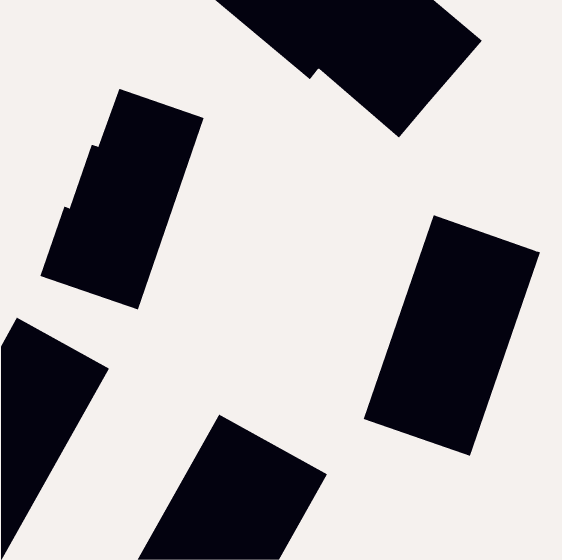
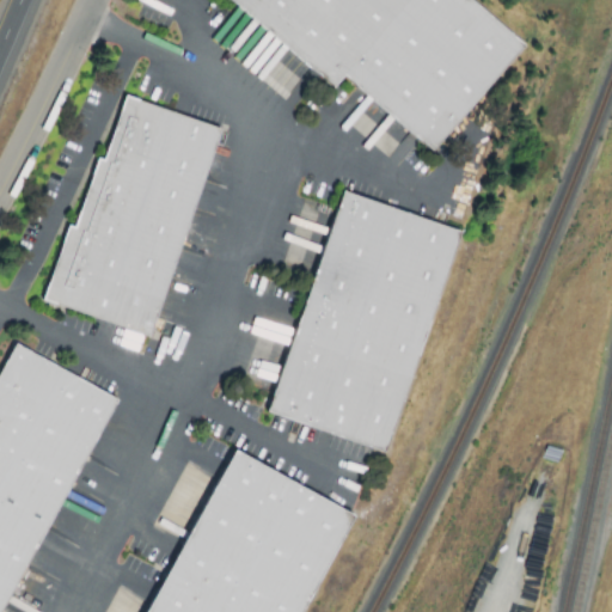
building: [363,215,541,457] -> [269,189,463,452]

